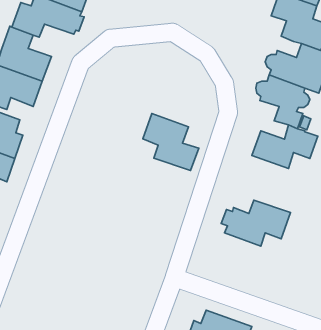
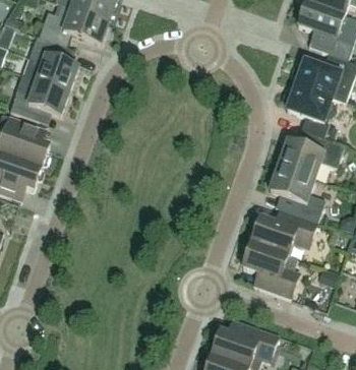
building: [143,113,199,171] -> [270,163,325,220]
building: none -> [243,240,299,297]

